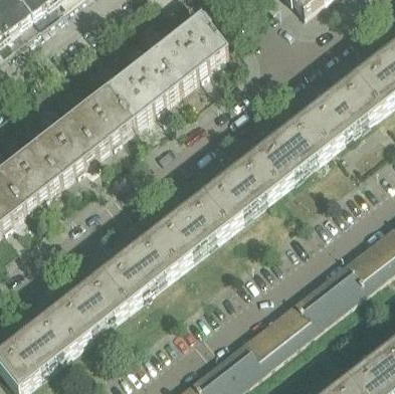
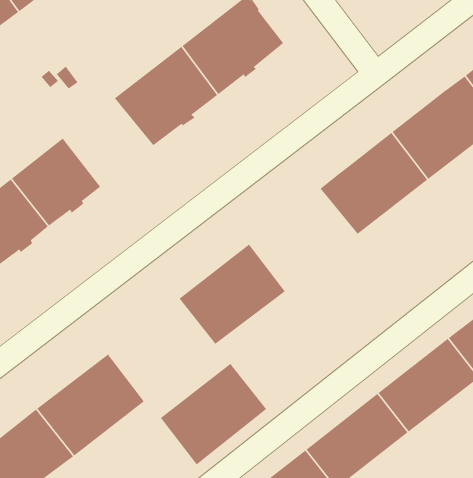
building: [70,86,135,150] -> none
building: [203,151,280,224] -> none
building: [103,229,179,303] -> [160,363,267,466]

